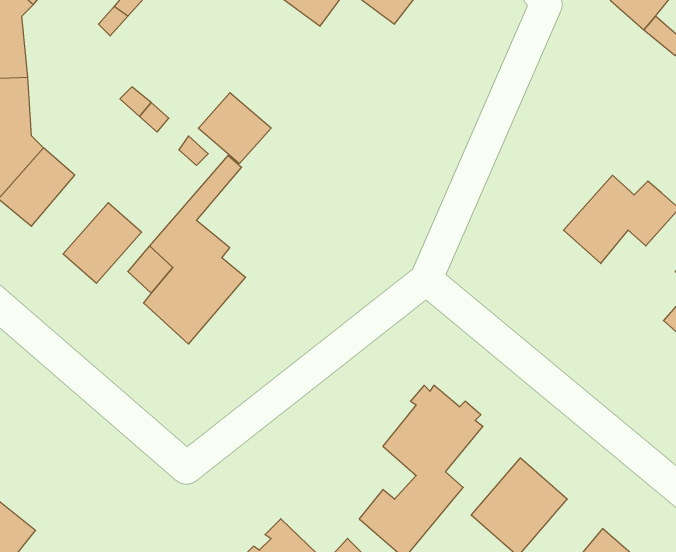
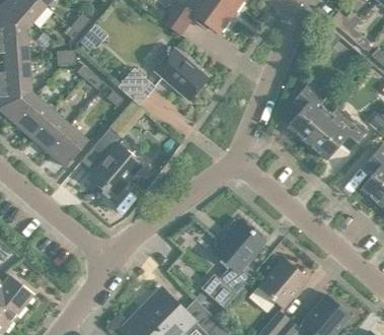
building: none -> [154,48,208,99]
building: none -> [286,77,331,139]
building: none -> [31,111,71,151]

